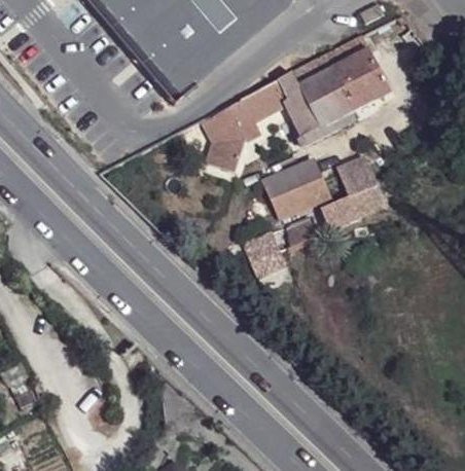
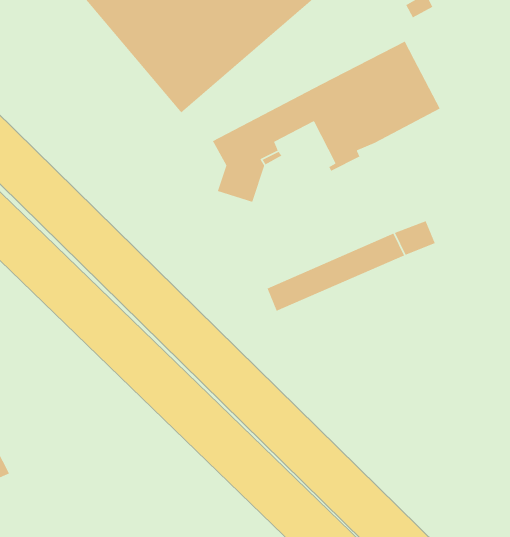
building: [338,158,378,197] -> none
building: [264,160,330,220] -> none

